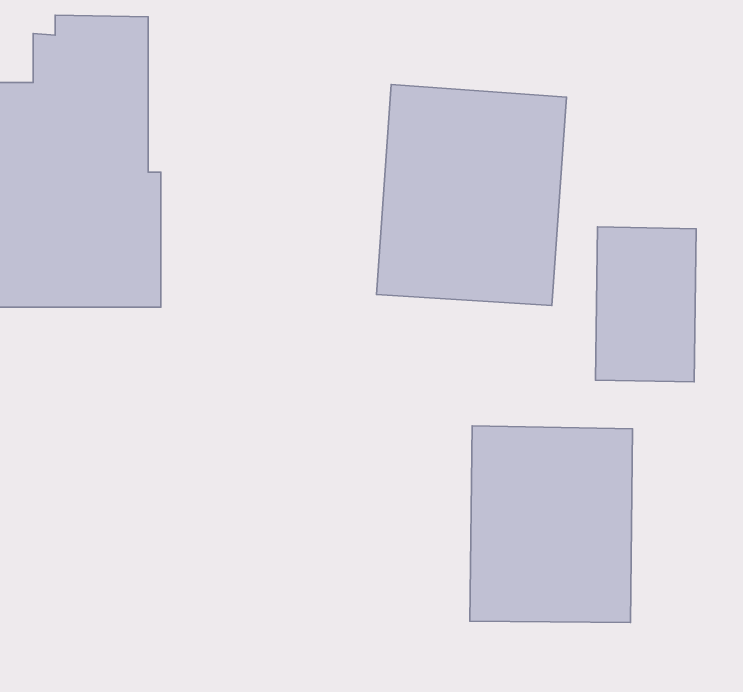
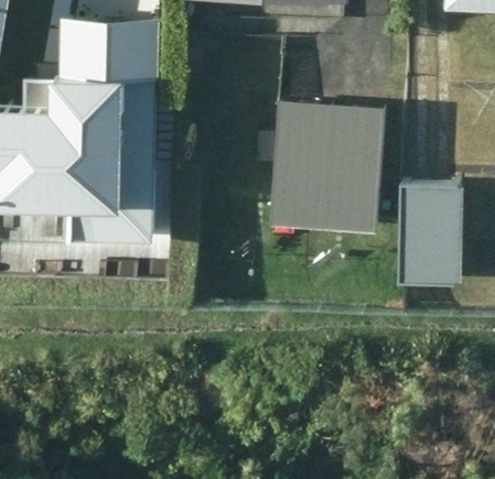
building: [470,426,633,622] -> none

